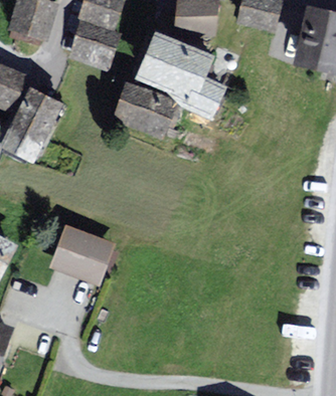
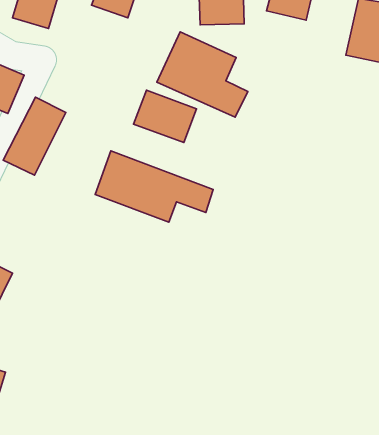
building: [70,22,117,65] -> none
building: none -> [95,151,213,222]
building: [48,226,106,279] -> none

